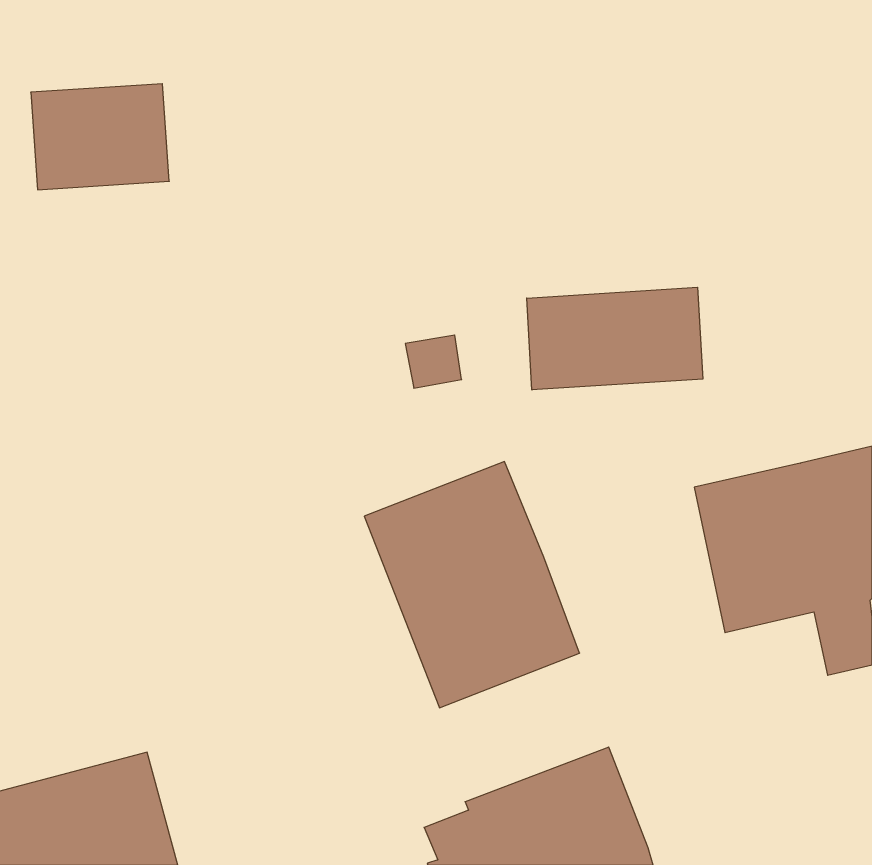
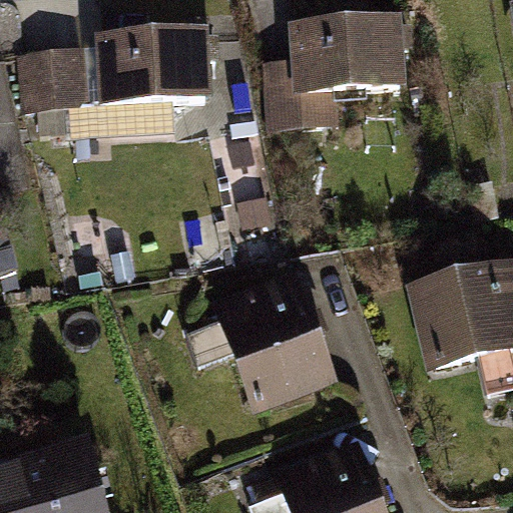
building: none -> [267,17,407,126]
building: none -> [93,28,212,106]
building: [527,287,703,390] -> none

